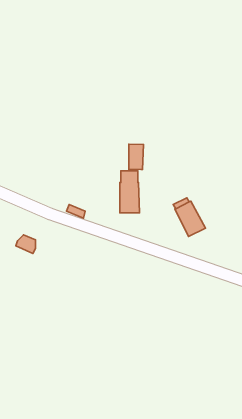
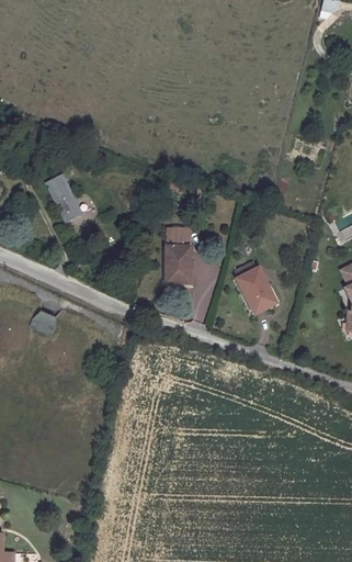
building: none -> [45,175,80,222]
building: [129,144,143,170] -> none

